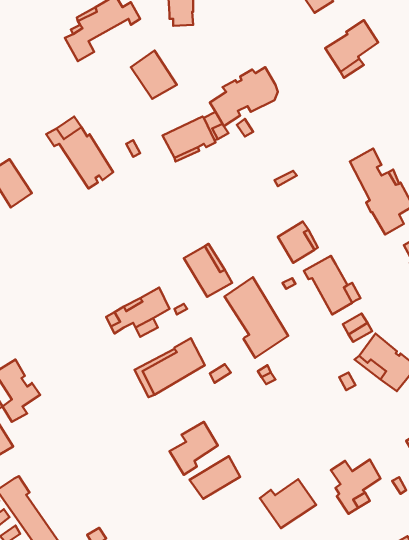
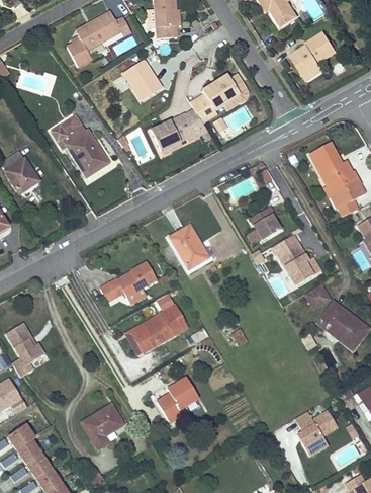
building: [225,277,288,358] -> none
building: none -> [81,404,122,448]
building: [190,456,240,499] -> none
building: [260,479,316,528] -> none

